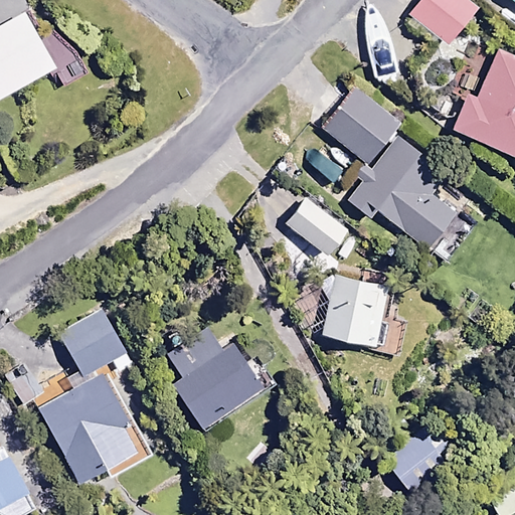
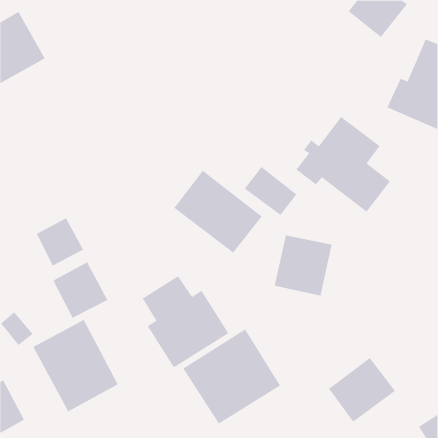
building: [323,88,399,163] -> none
building: none -> [173,170,262,254]
building: none -> [36,218,84,267]
building: none -> [183,328,281,425]

